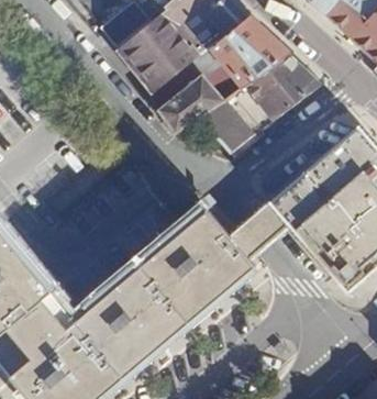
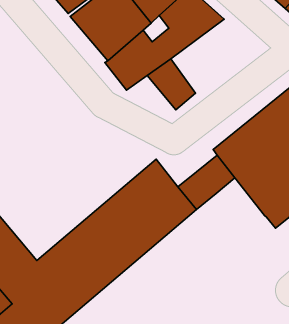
building: [225,51,319,133] -> none

